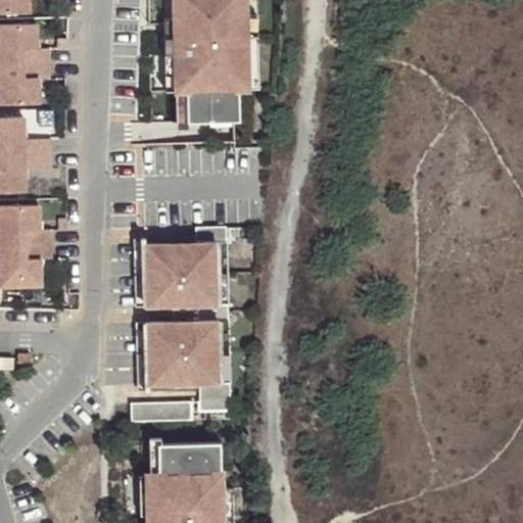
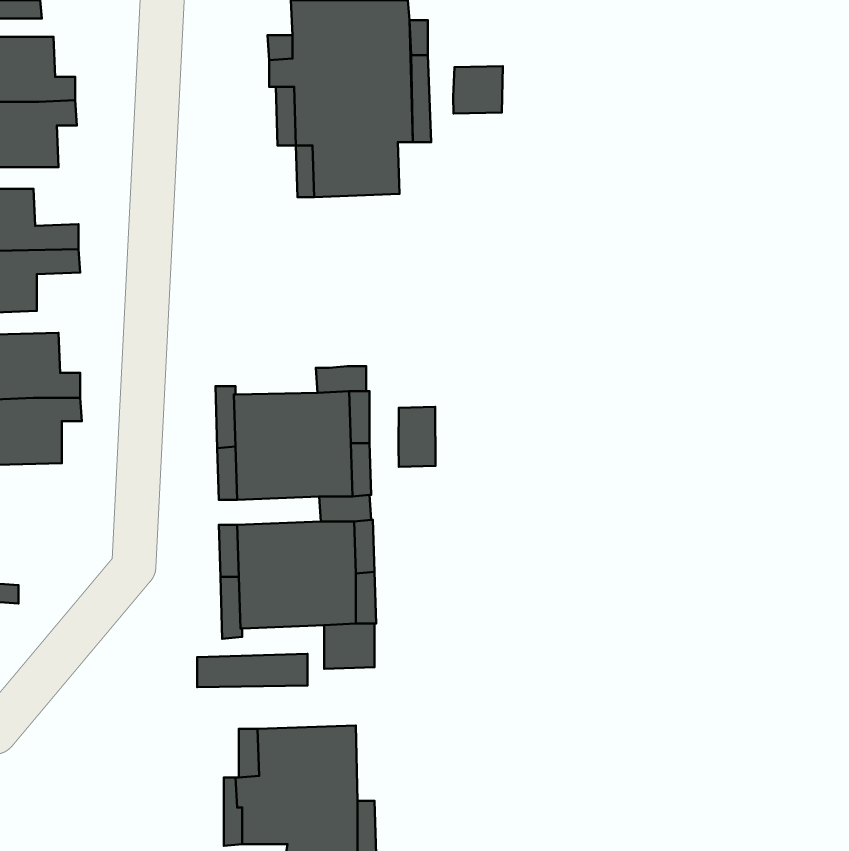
building: none -> [453,66,503,113]
building: none -> [398,407,436,467]

